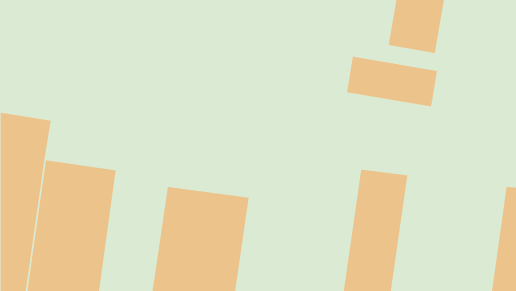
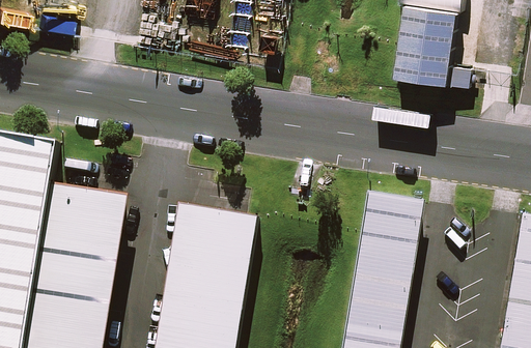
building: [346,56,438,107] -> none

